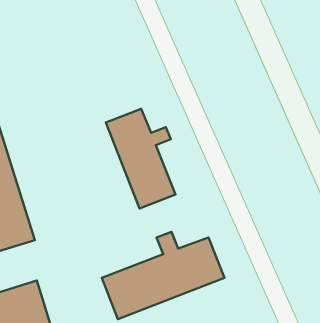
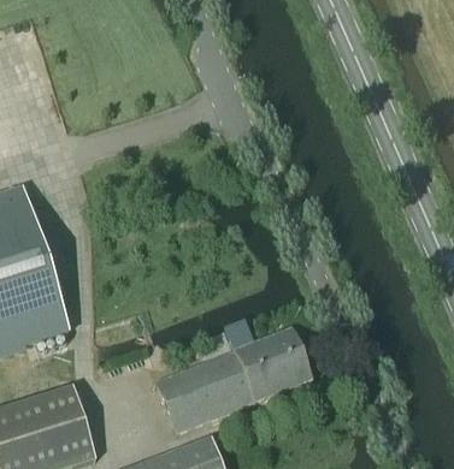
building: [106,109,175,209] -> none

